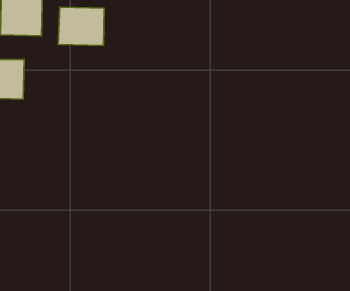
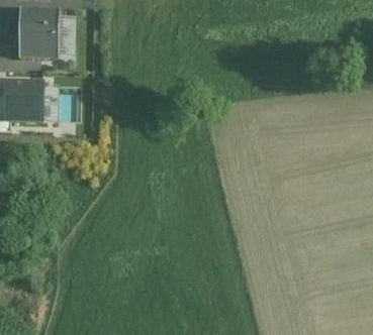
building: [58,7,104,45] -> none

